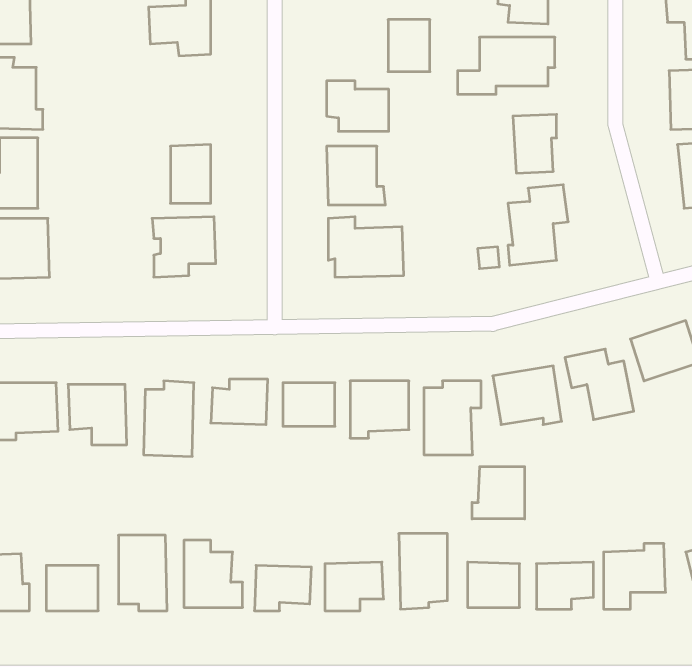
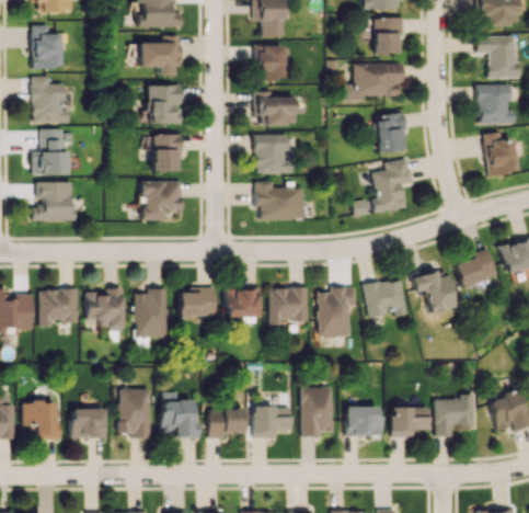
building: [388,20,430,72] -> [257,46,285,80]
building: none -> [148,86,182,124]
building: [472,467,525,519] -> none

